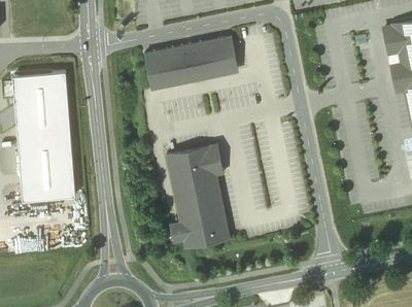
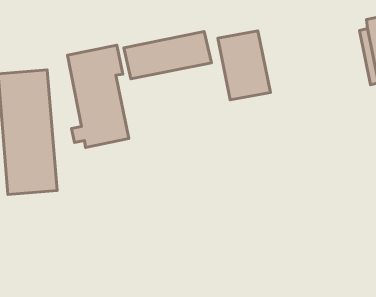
building: none -> [218,31,270,100]
building: [166,139,229,244] -> [67,45,129,148]

